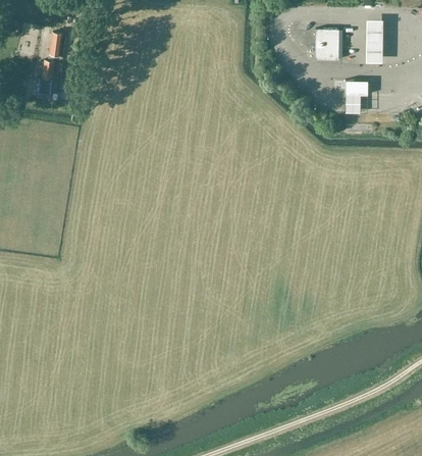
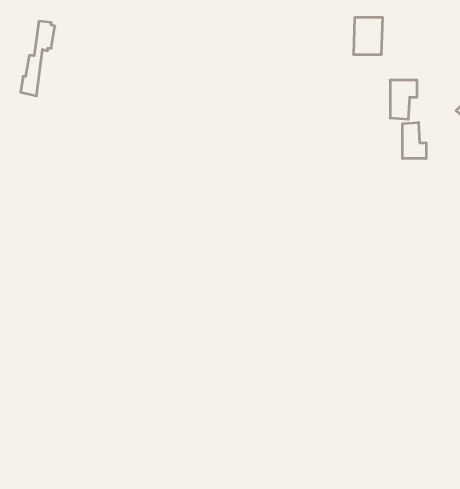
building: [365,19,381,61] -> none
building: none -> [403,122,426,159]

